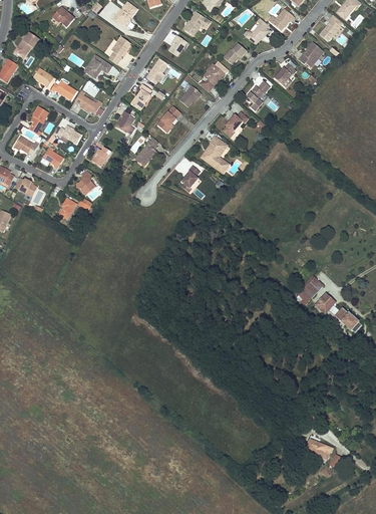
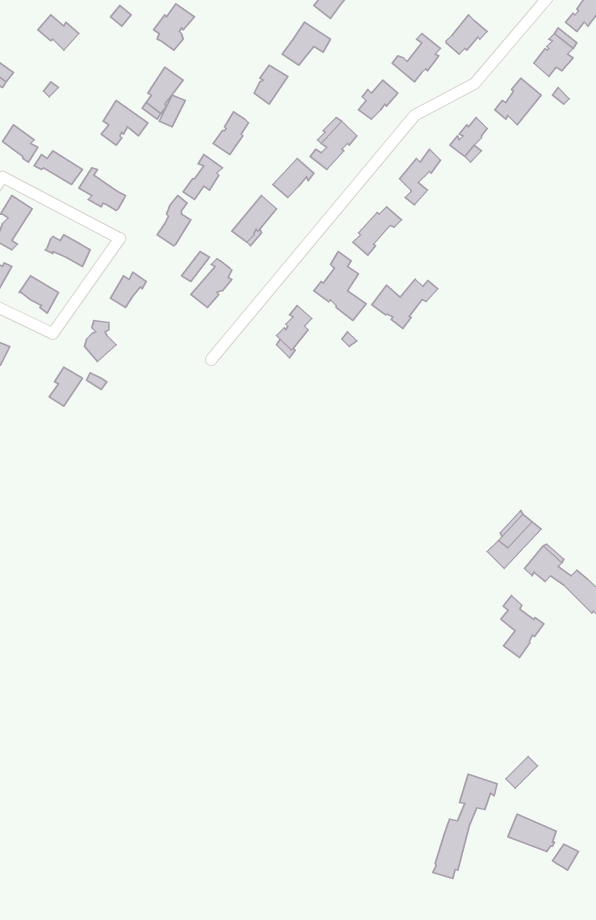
building: none -> [372,279,438,329]
building: none -> [501,596,544,657]
building: none -> [433,774,497,878]

